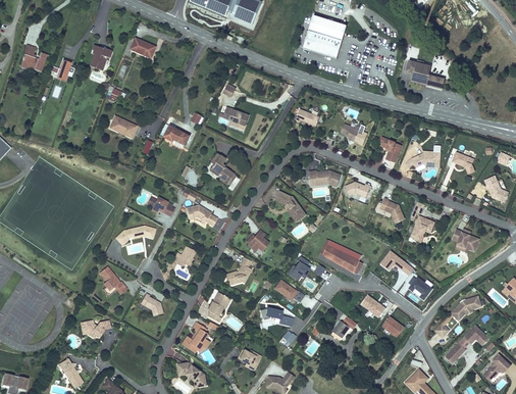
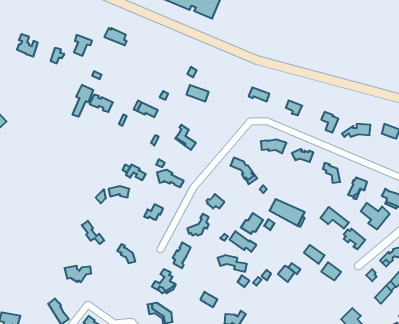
building: [304,15,348,59] -> none
building: [406,61,446,90] -> none
building: none -> [73,85,93,117]
building: none -> [361,203,390,229]

